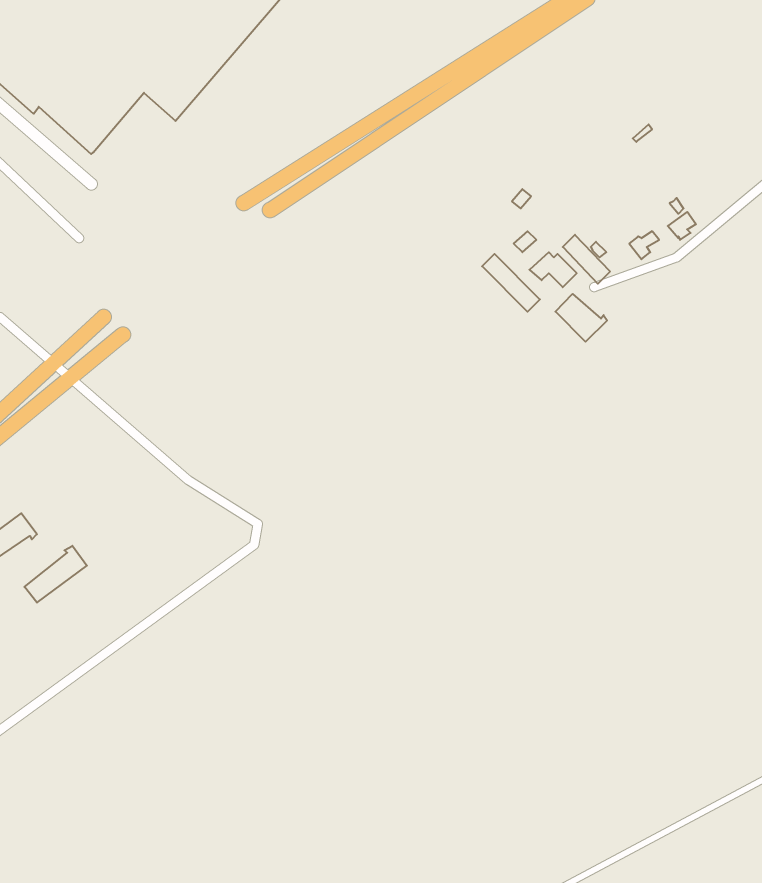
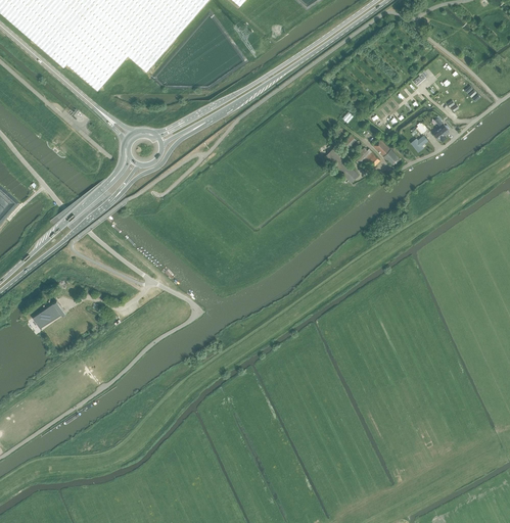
building: [555,294,607,342] -> none
building: [24,546,87,603] -> none

